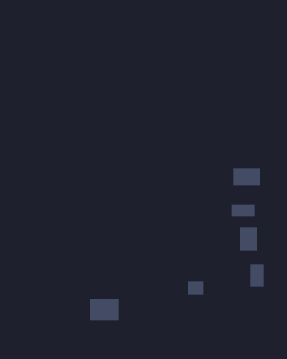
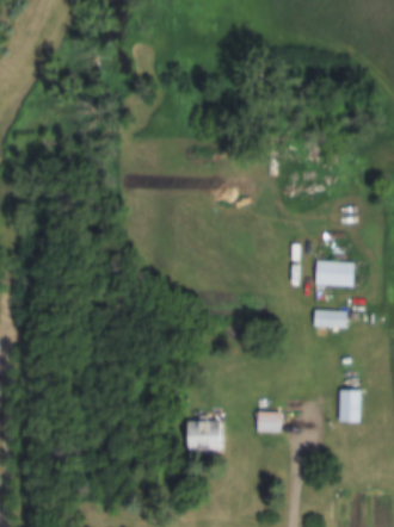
building: [239,226,258,252] -> none
building: [89,298,119,321] -> [181,420,222,451]

